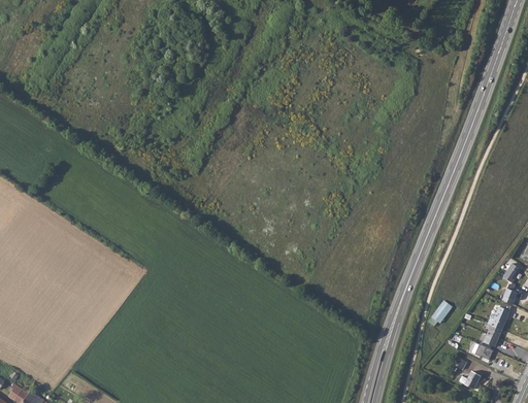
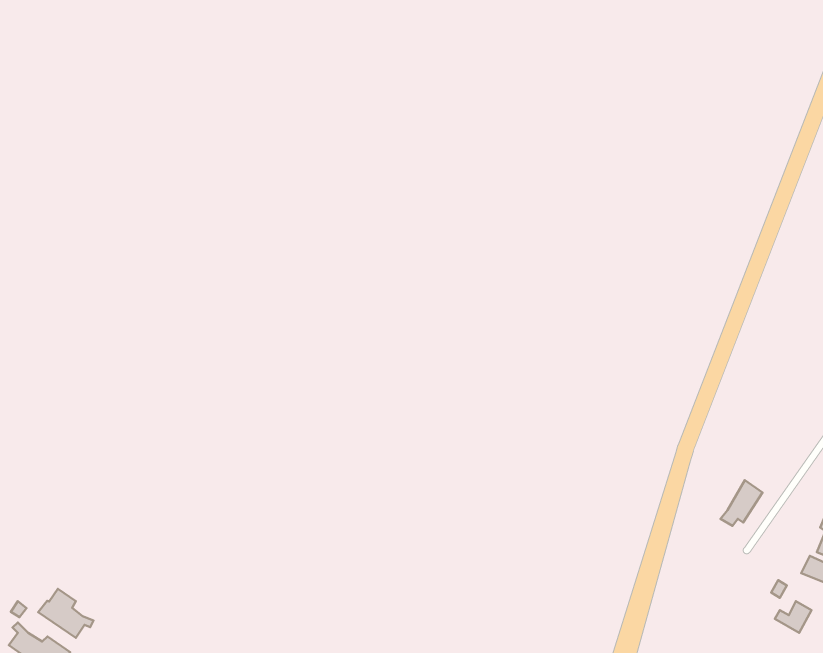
building: none -> [38,589,94,638]

